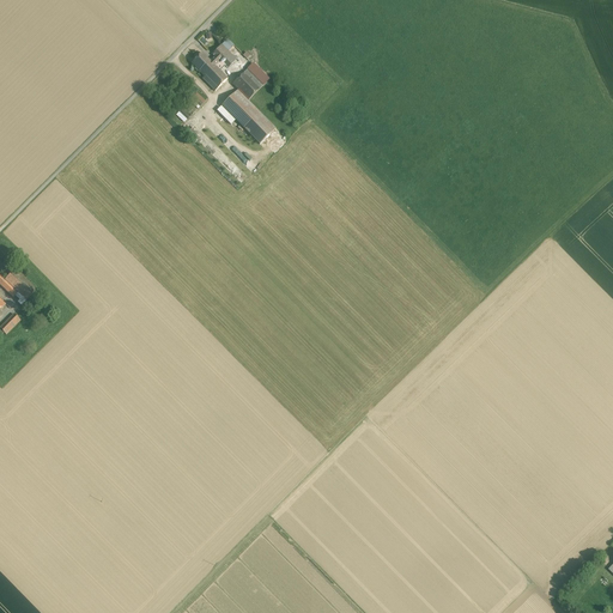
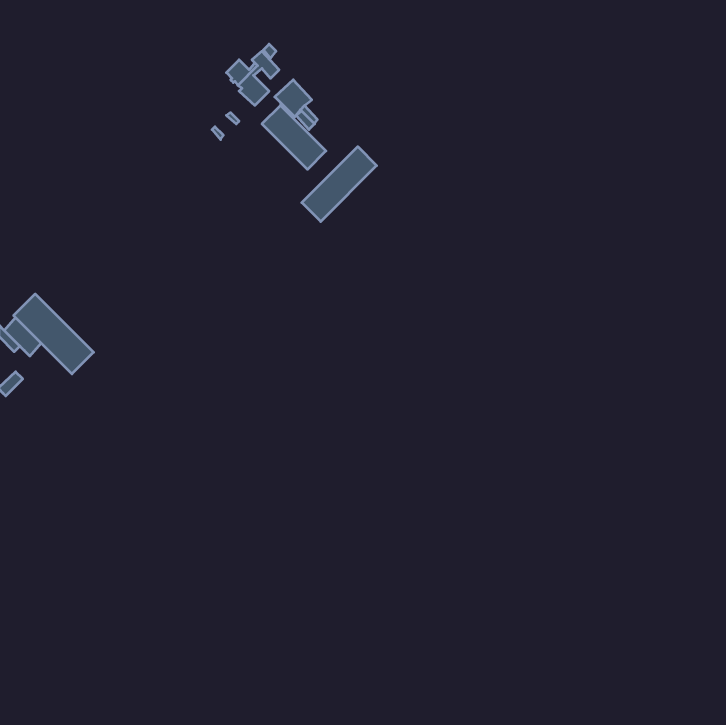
building: none -> [302,147,377,222]
building: none -> [14,294,94,374]

